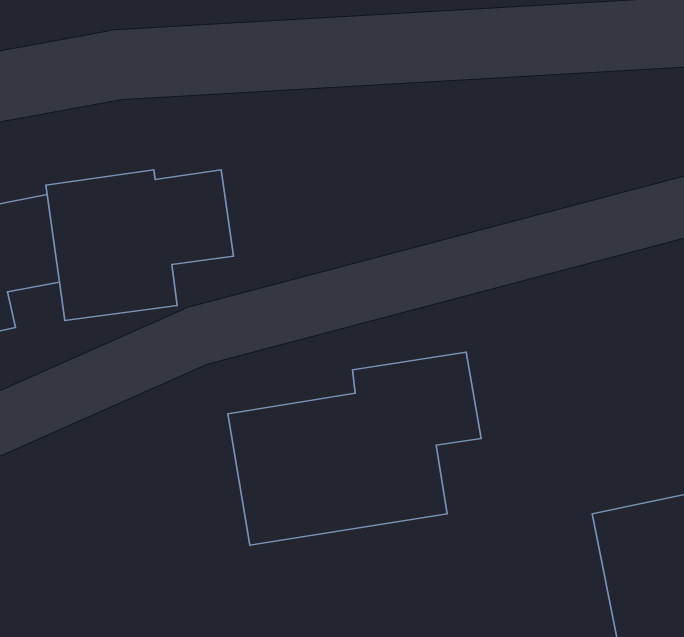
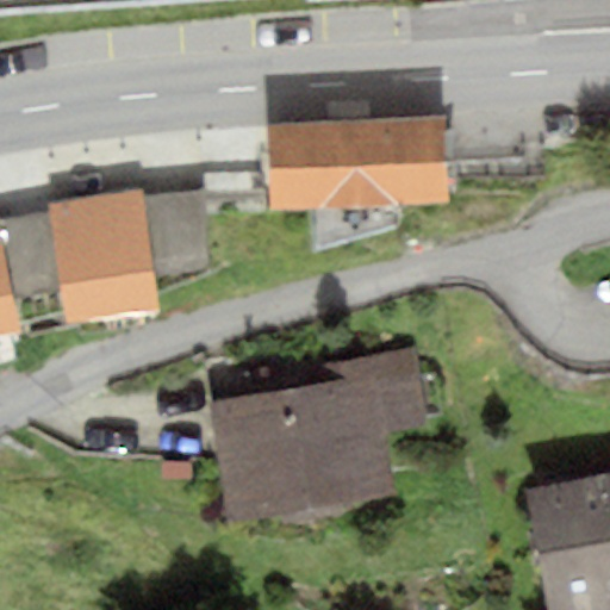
building: none -> [266,114,447,247]

